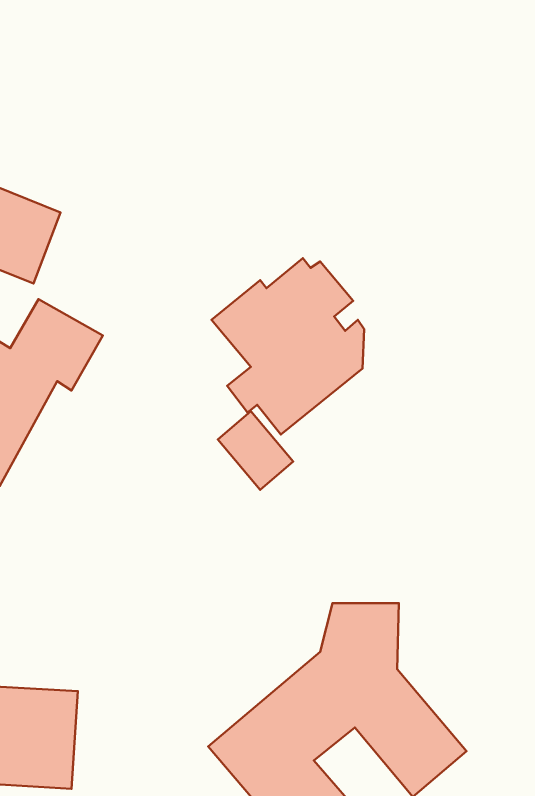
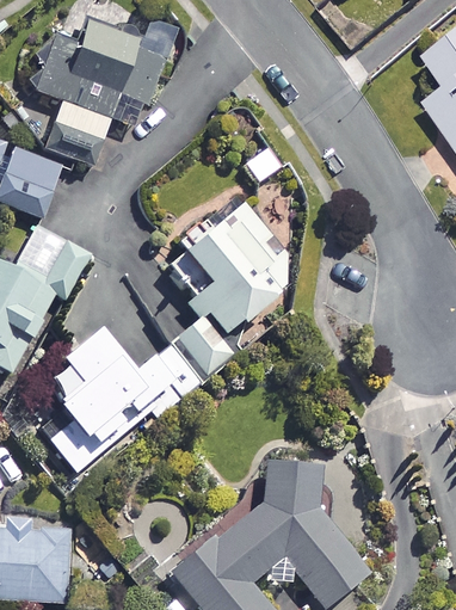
building: none -> [30,18,165,154]
building: none -> [42,321,199,474]

